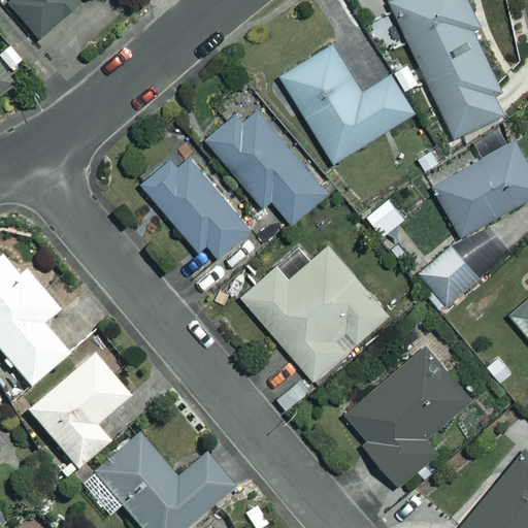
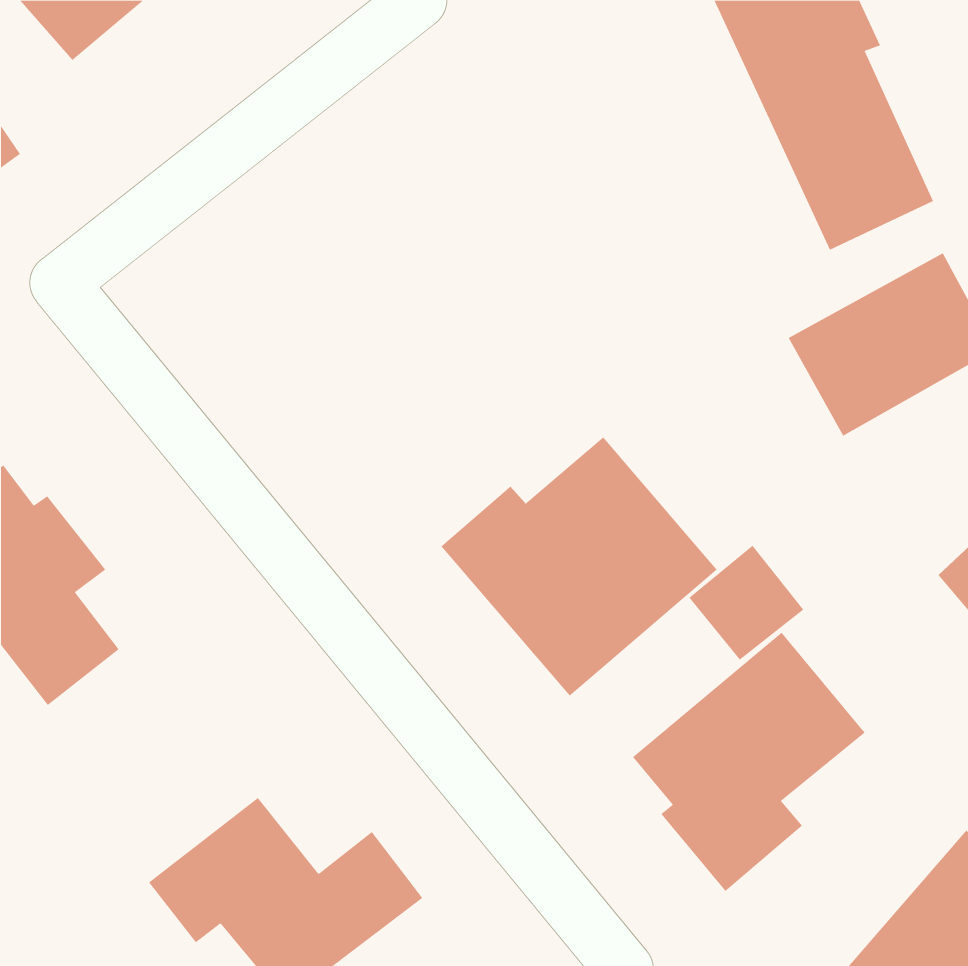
building: [279,44,415,163] -> none
building: [204,88,329,224] -> none
building: [143,147,254,257] -> none
building: [419,240,482,303] -> [688,545,804,661]
building: [27,354,130,467] -> none

